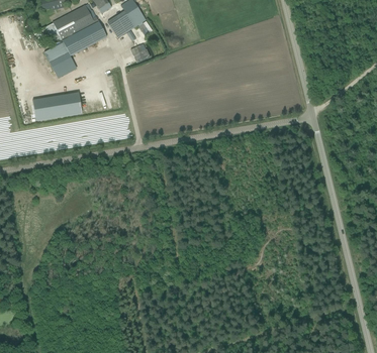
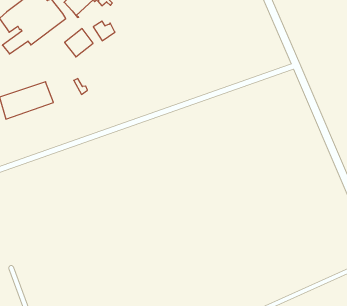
building: [49,52,75,78] -> [65,29,93,57]

